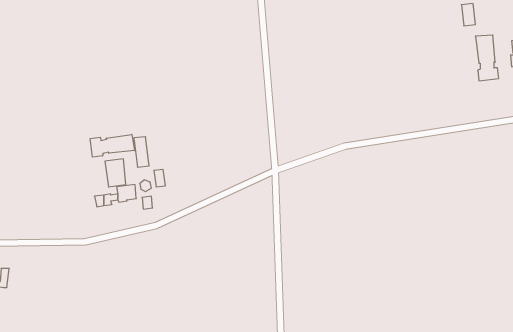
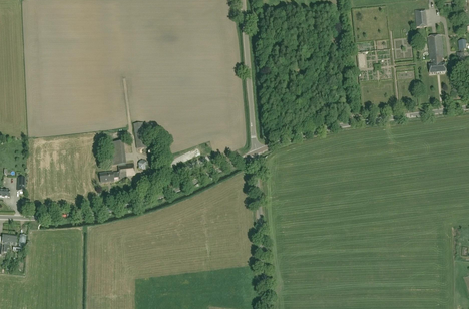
building: [90,134,134,157] -> none

